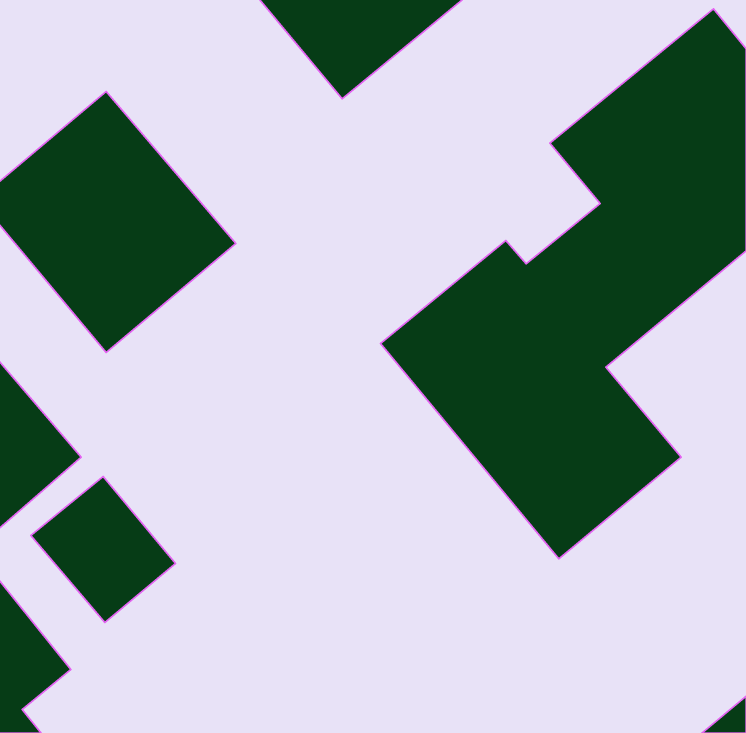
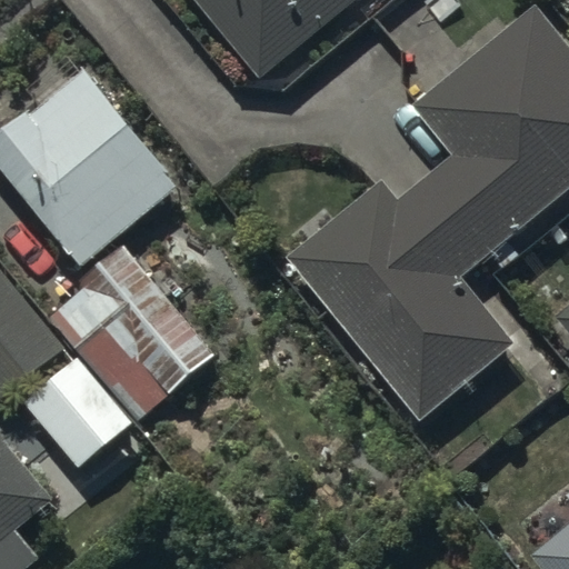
building: none -> [46,243,213,415]

